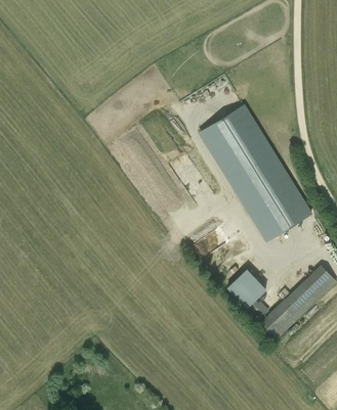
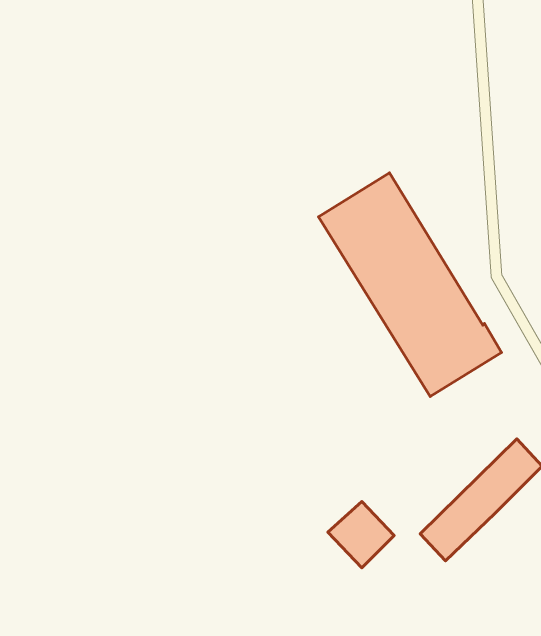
building: [227,268,267,308] -> [328,502,394,568]

